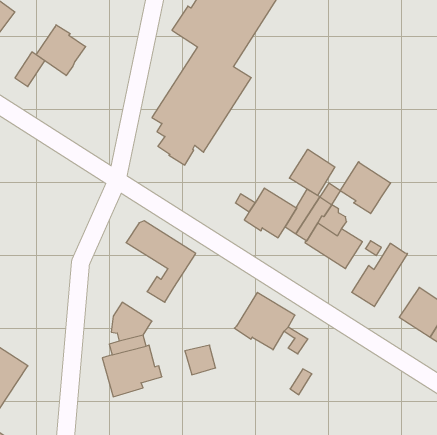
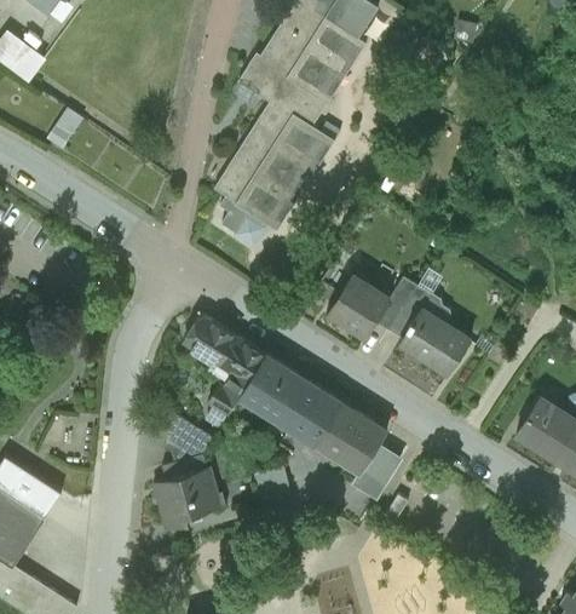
building: [36,25,86,76] -> none
building: [289,149,335,195] -> none
building: [340,162,391,214] -> none
building: [352,243,407,307] -> none
building: none -> [240,355,341,443]
building: none -> [351,449,391,500]

